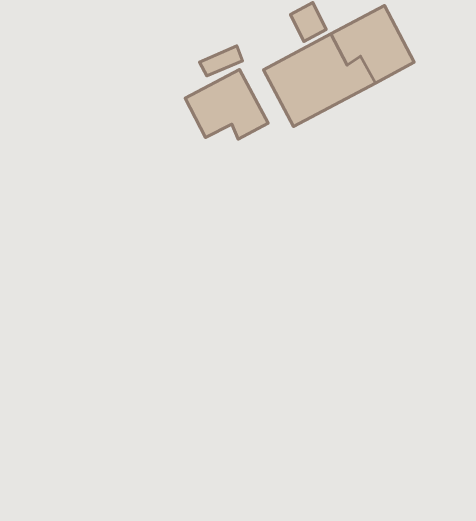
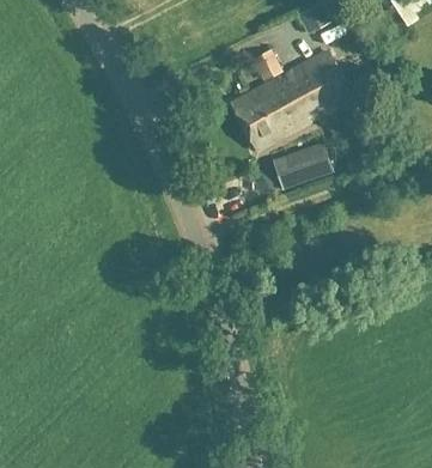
building: [185,69,268,139] -> none
building: none -> [275,142,333,184]

